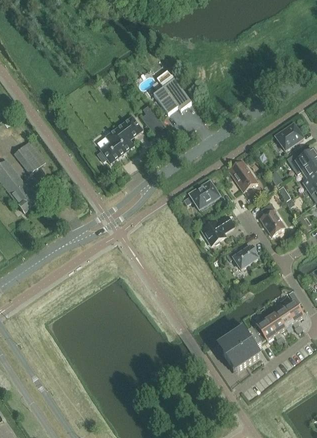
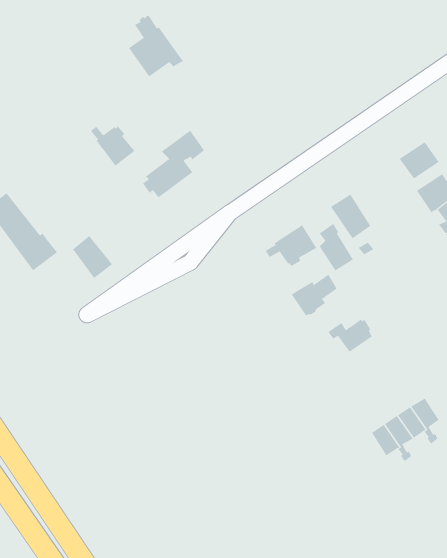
building: [153,71,191,114] -> [128,15,184,77]
building: none -> [90,126,135,167]
building: [14,143,42,173] -> [72,235,113,279]
building: [260,202,284,235] -> [319,223,354,271]
building: [219,330,261,372] -> none

